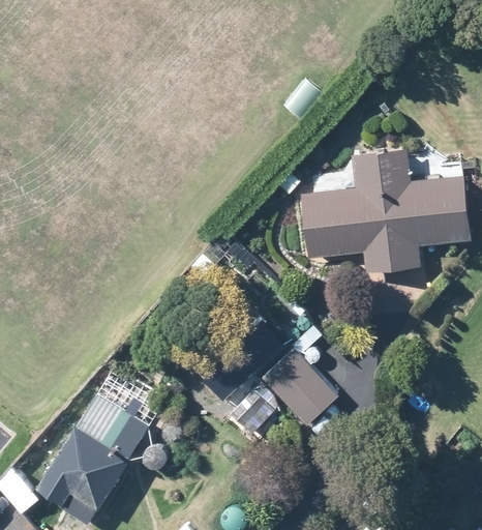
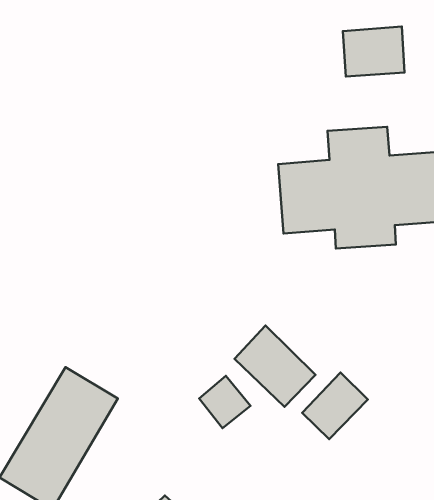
building: none -> [343,26,404,76]
building: none -> [302,372,368,439]

